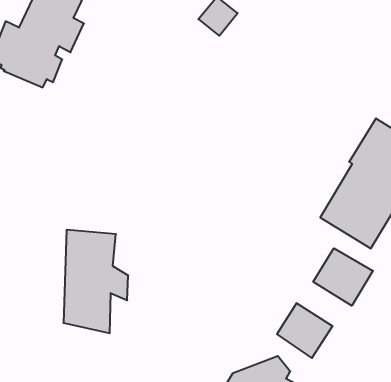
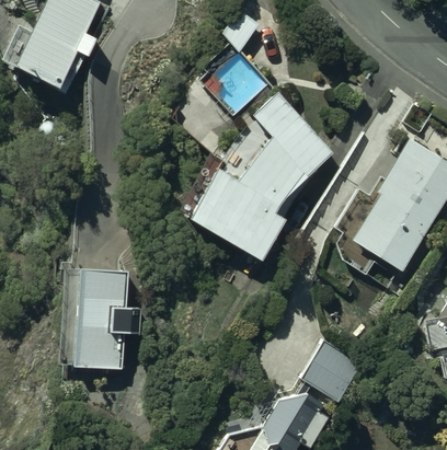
building: none -> [188,96,330,258]
building: [313,248,373,306] -> none

